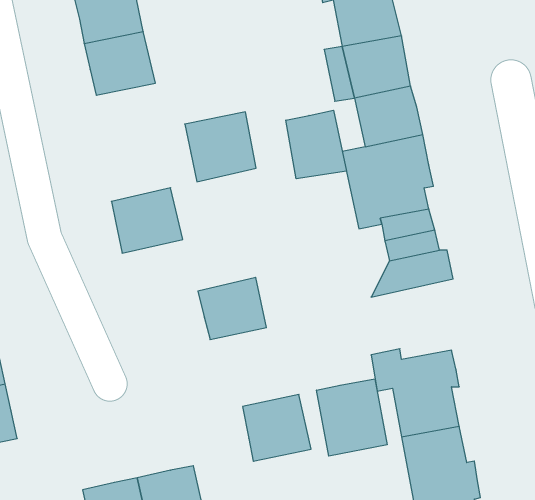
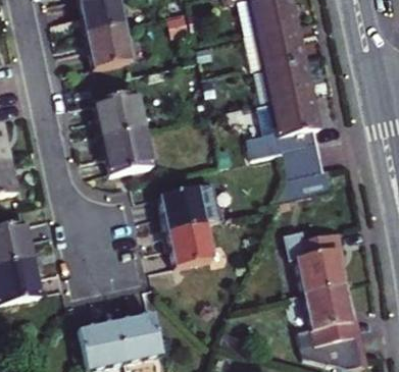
building: [286,110,346,179] -> none
building: [185,112,256,182] -> [96,89,144,136]
building: [317,379,387,456] -> none
building: [243,394,311,461] -> [170,220,216,265]

